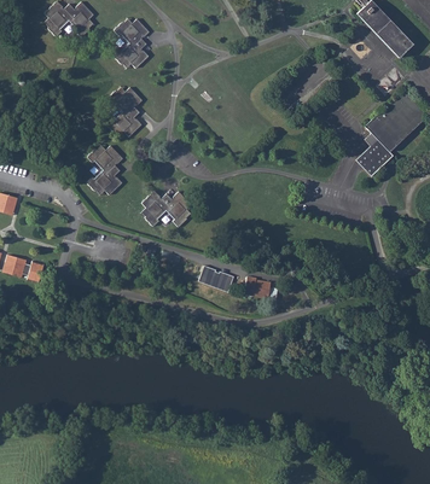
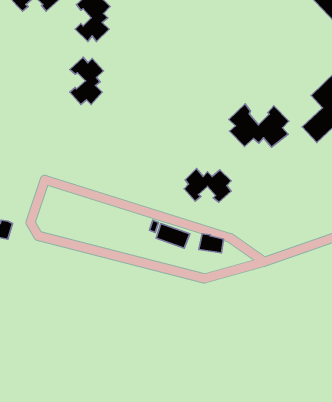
building: none -> [229,104,289,147]
building: [87,144,123,194] -> none
building: [141,189,192,226] -> [184,169,231,202]

